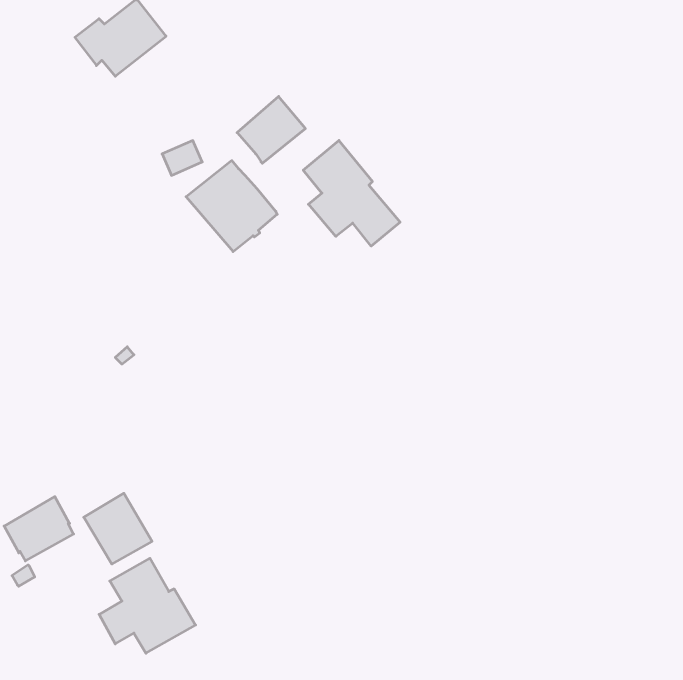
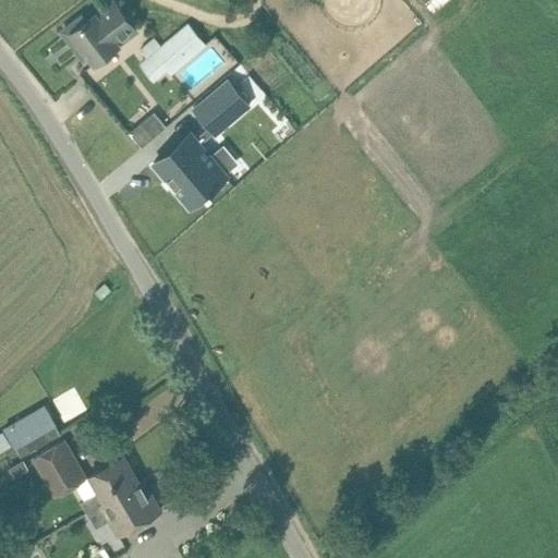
building: none -> [153,26,204,75]
building: [303,140,400,246] -> none
building: [84,493,152,564] -> [32,439,87,497]

